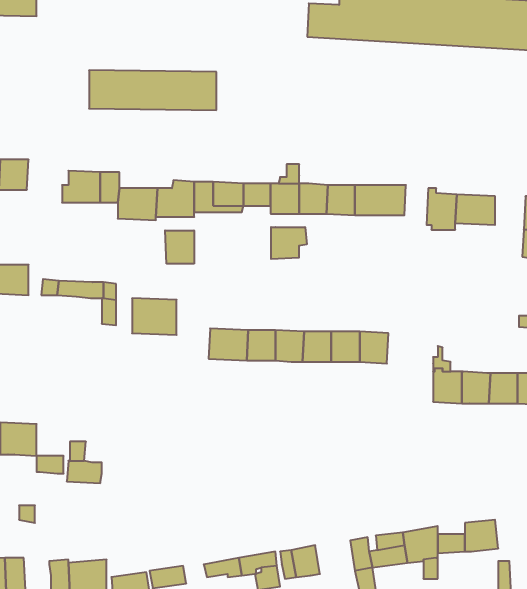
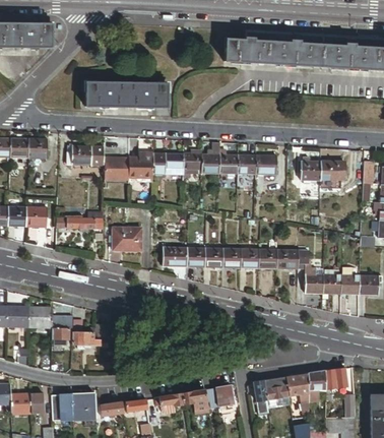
building: [271,227,307,259] -> none
building: [165,230,194,264] -> none
building: none -> [275,249,298,268]

